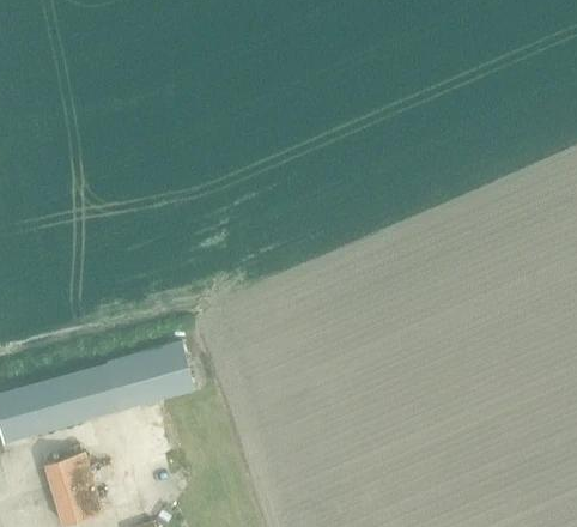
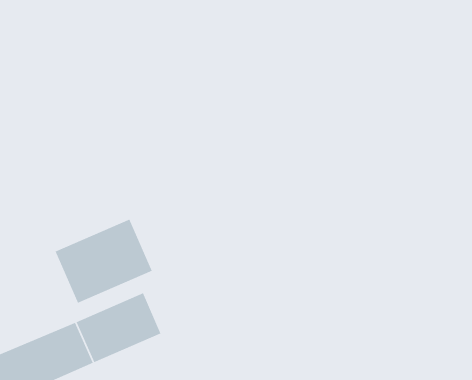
building: none -> [55,218,153,304]

